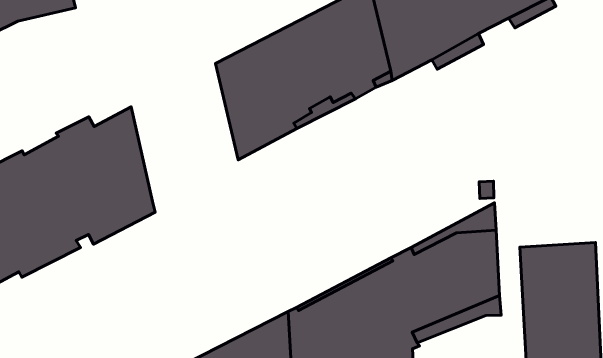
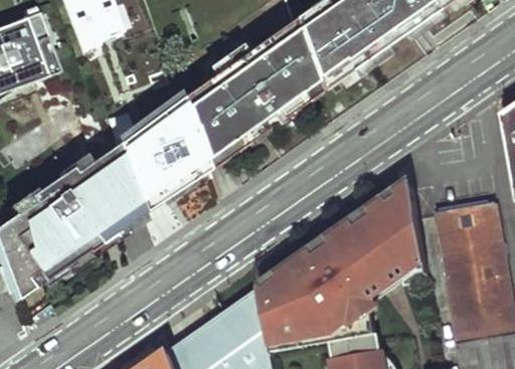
building: none -> [114,100,203,214]

